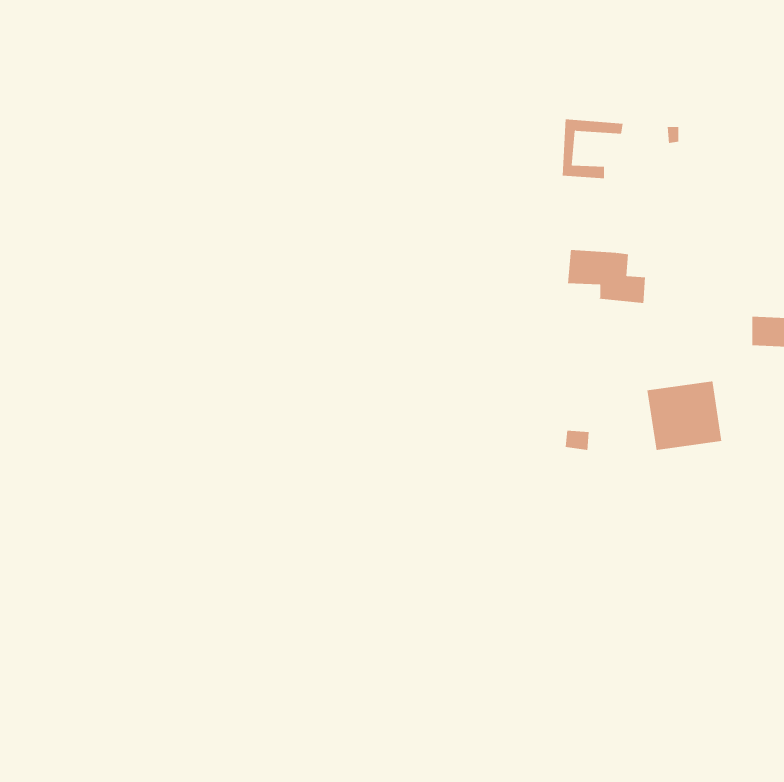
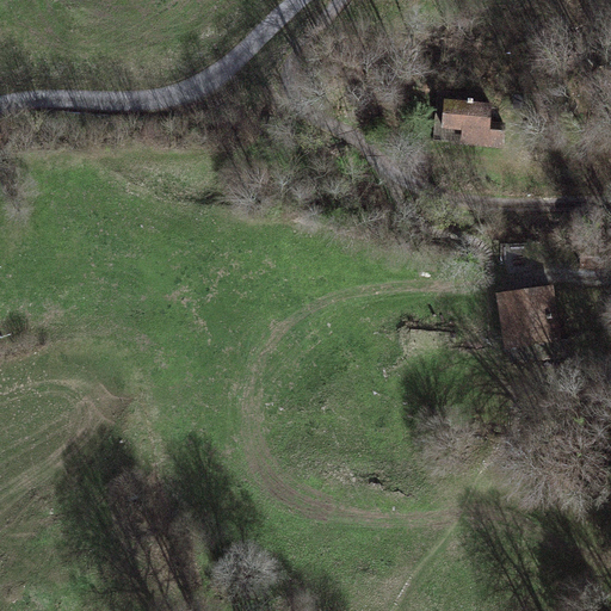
building: [567,249,646,303] -> [446,106,507,148]

